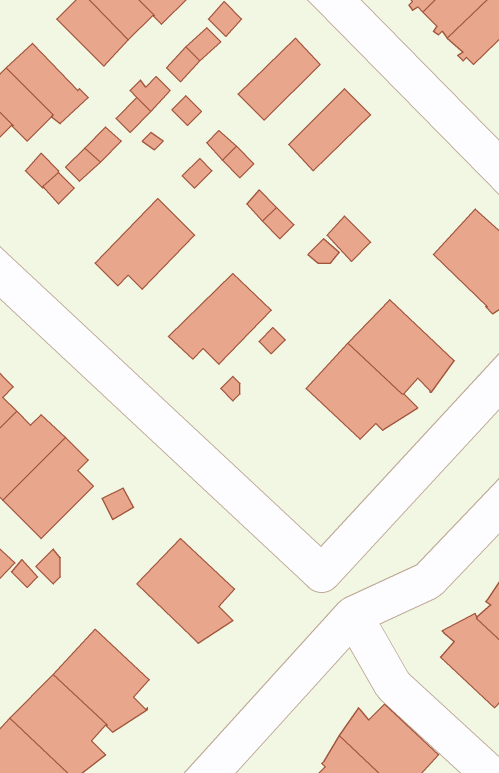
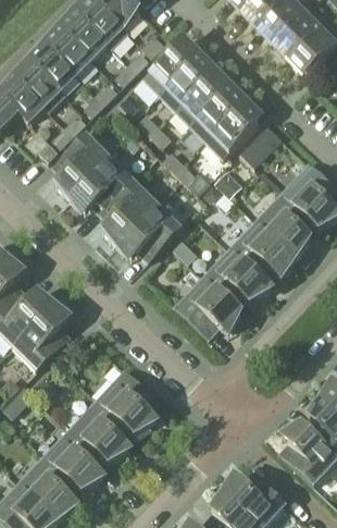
building: none -> [143,40,196,91]
building: none -> [32,45,76,89]
building: none -> [176,73,226,123]
building: none -> [207,105,259,156]
building: none -> [242,124,282,164]
building: none -> [53,134,110,197]
building: none -> [100,180,157,243]
building: none -> [254,192,315,258]
building: none -> [175,275,240,336]
building: none -> [71,397,130,462]

